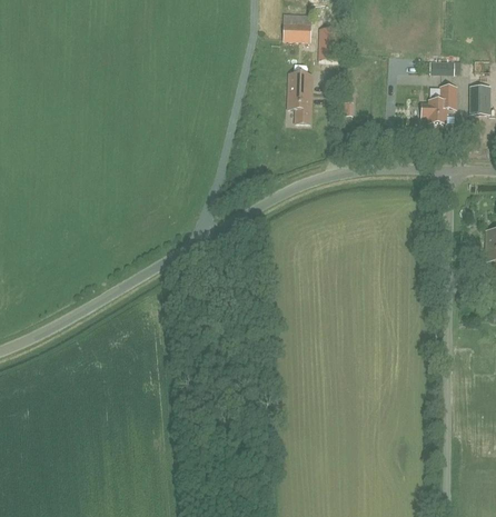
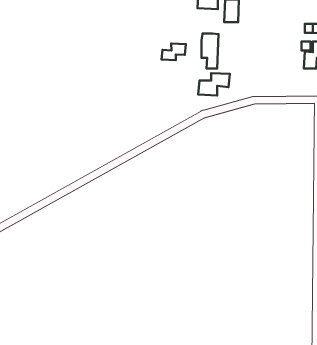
building: none -> [162,44,186,60]
building: none -> [198,73,230,96]

